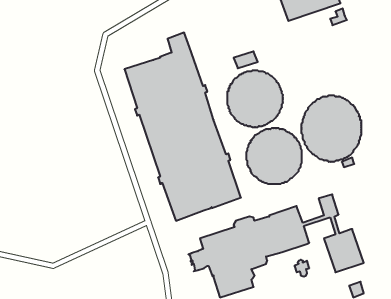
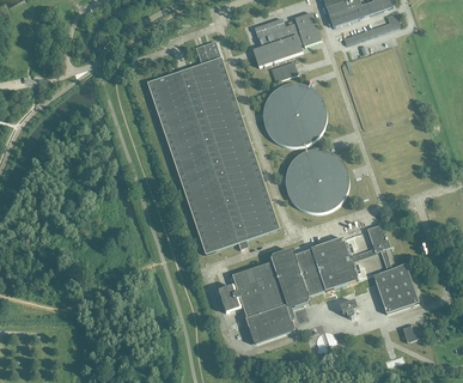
building: none -> [252,12,321,66]
building: [302,95,361,162] -> none

